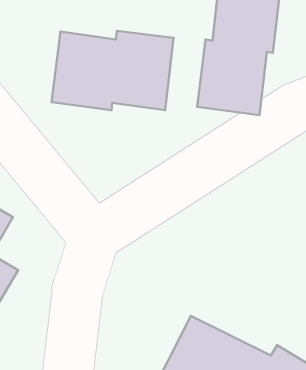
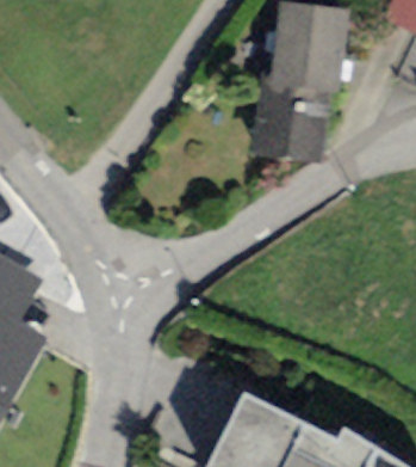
building: [52,31,173,110] -> none

